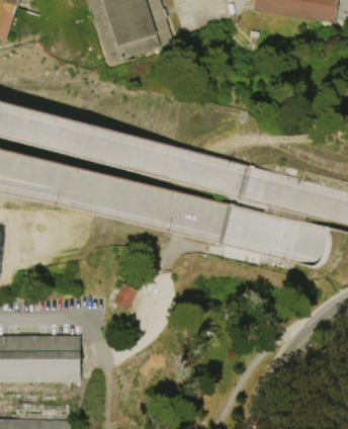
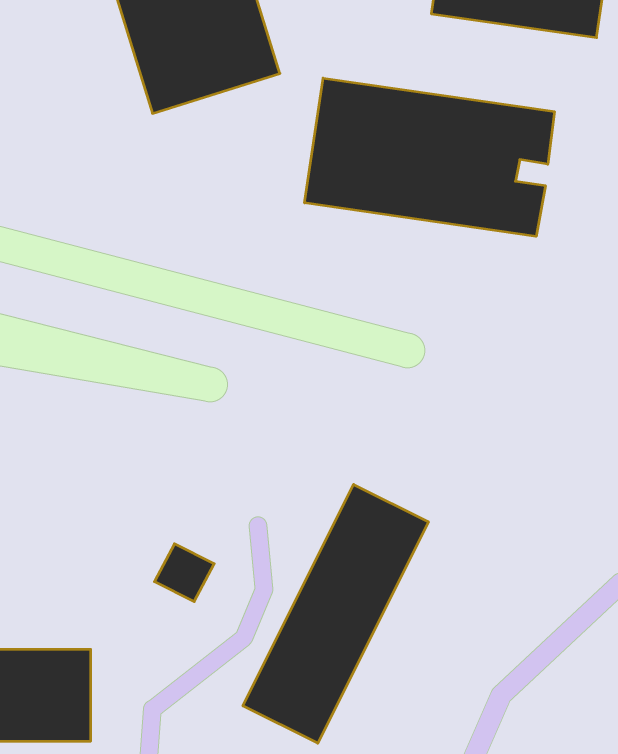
building: none -> [305,78,554,236]
building: none -> [243,484,428,743]

